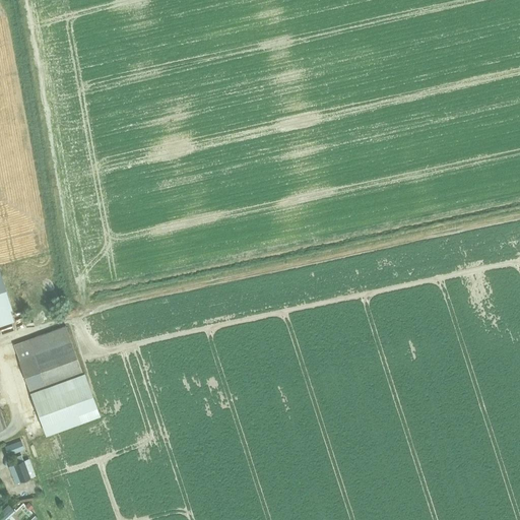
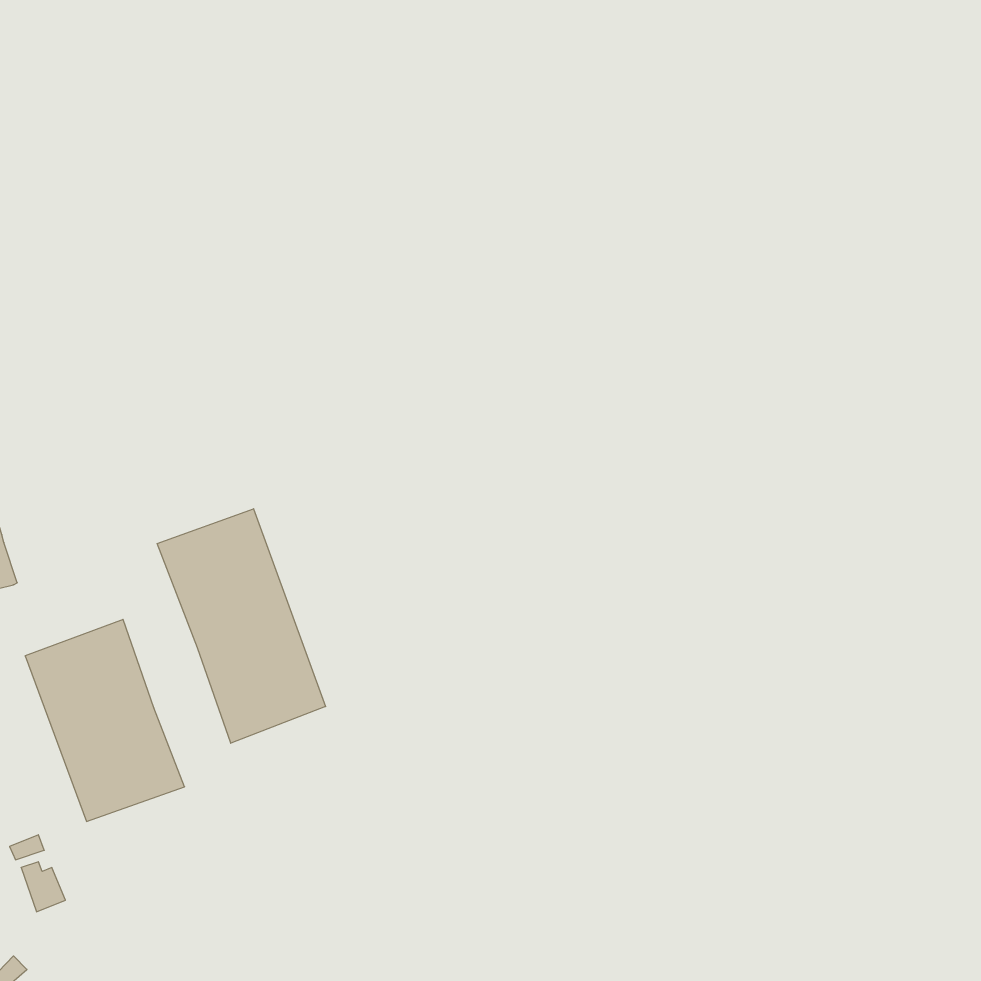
building: none -> [157,509,326,743]

